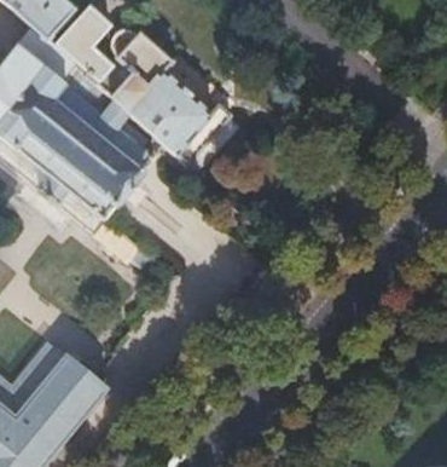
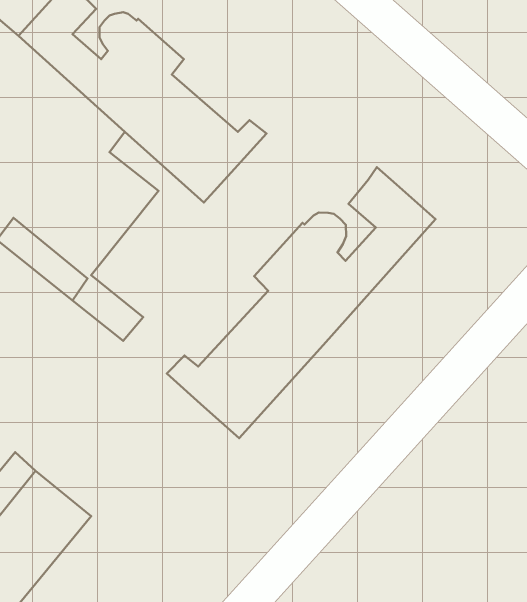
building: none -> [167,167,436,438]

